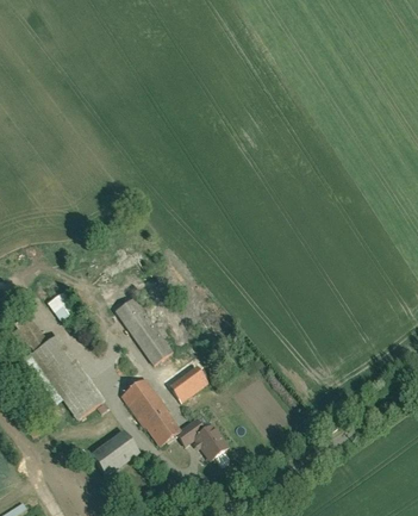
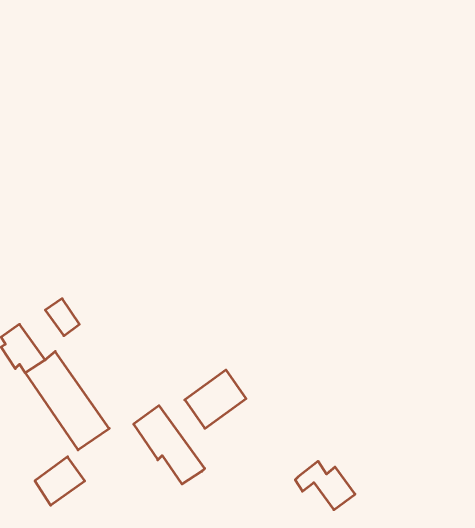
building: [118,299,171,363] -> none
building: [179,421,229,461] -> [295,461,355,510]
building: [96,431,138,472] -> [35,457,85,505]

